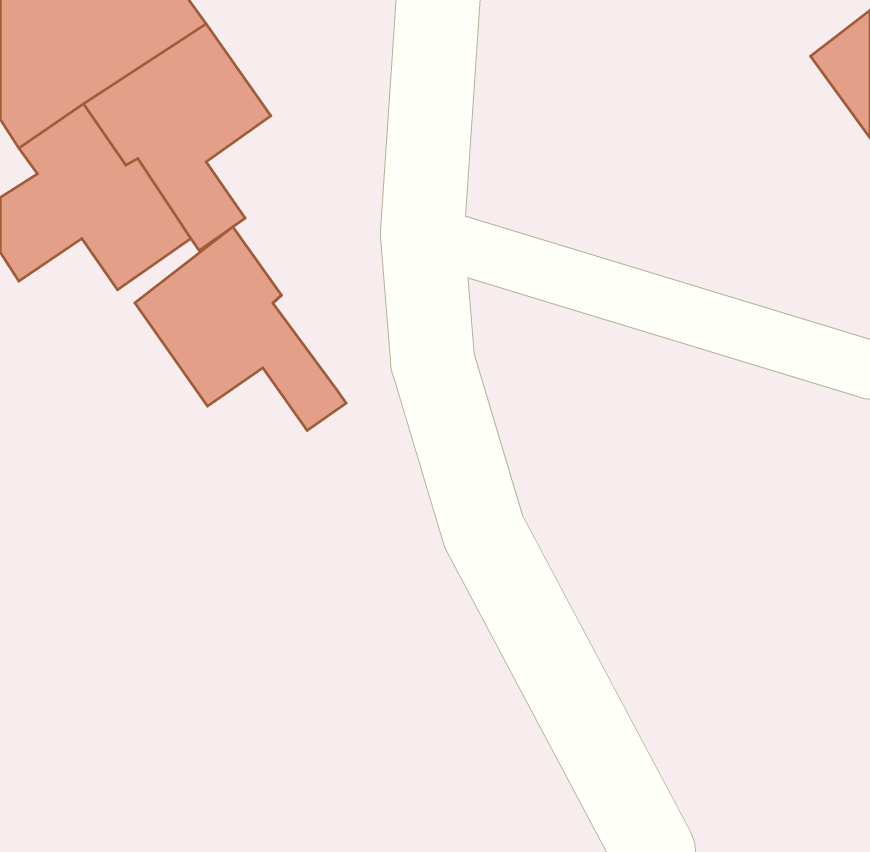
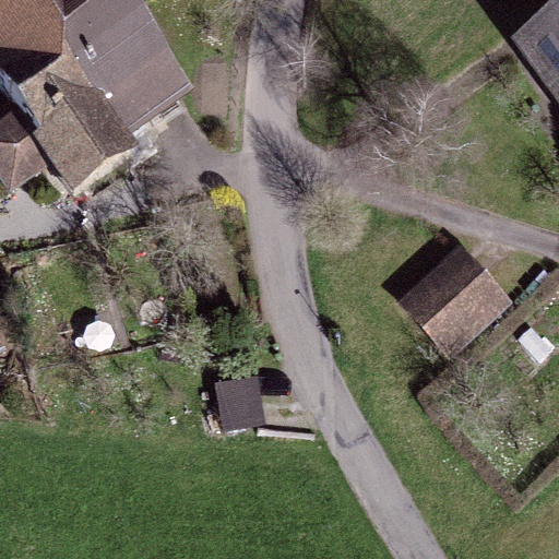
building: [135,227,346,431] -> none
building: none -> [407,251,500,344]

